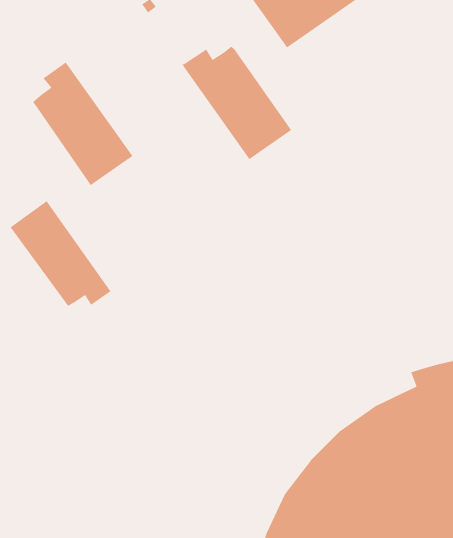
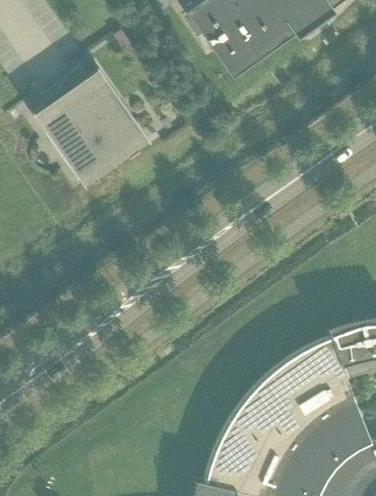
building: [179,46,292,160] -> [61,71,148,159]
building: [10,200,114,307] -> none

